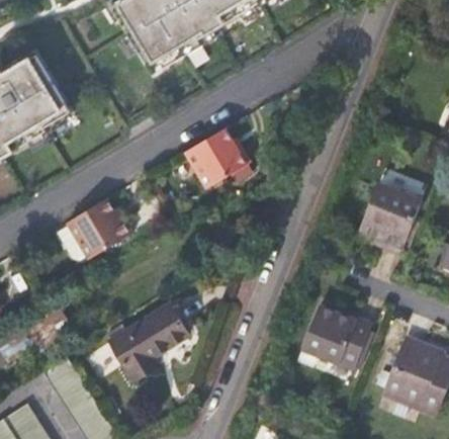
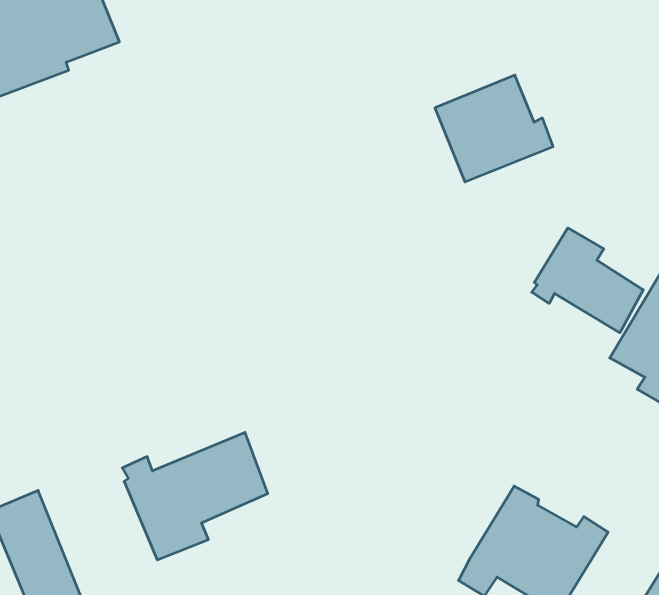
building: [185,124,251,185] -> [435,75,553,182]
building: none -> [532,228,643,333]
building: [58,196,133,256] -> none

